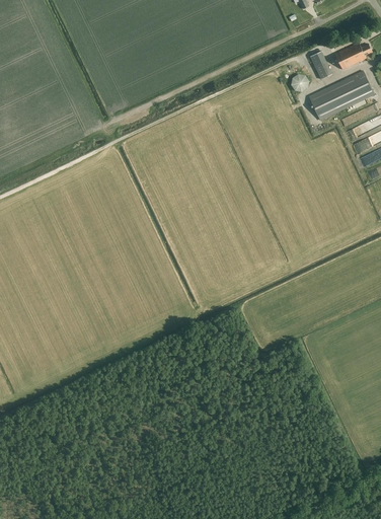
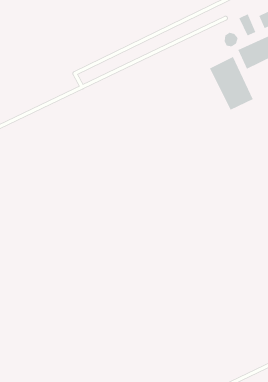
building: none -> [209,56,254,111]

